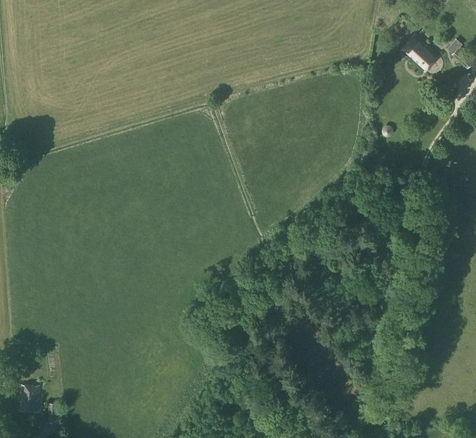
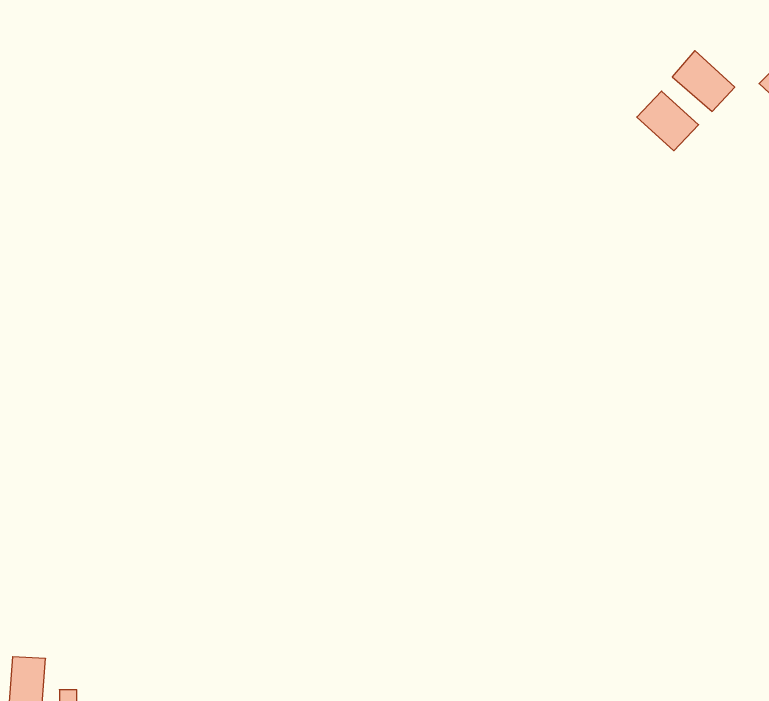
building: none -> [637,91,699,151]

